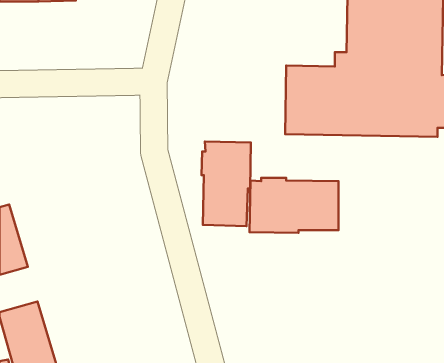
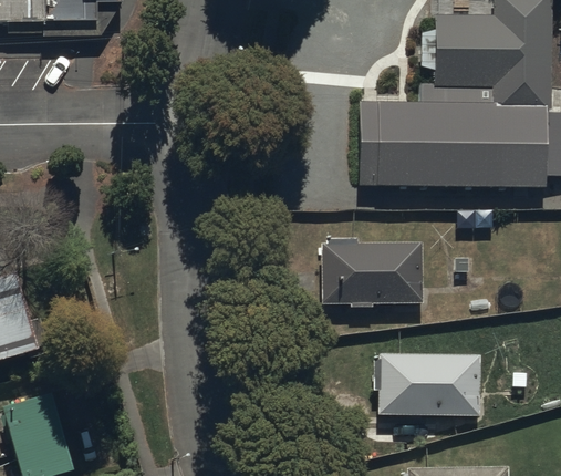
building: [201,142,251,226] -> none
building: none -> [373,352,480,417]

